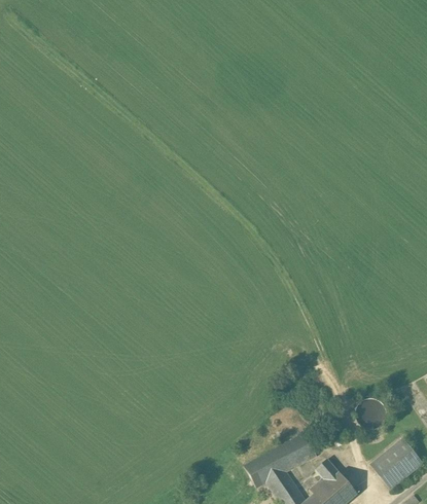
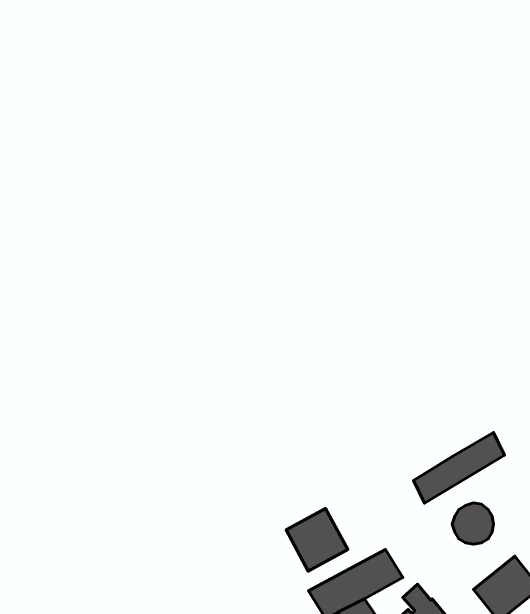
building: none -> [414,433,504,503]
building: none -> [286,508,348,571]

